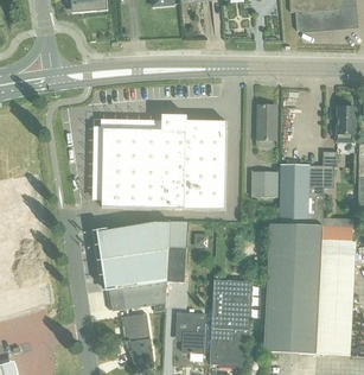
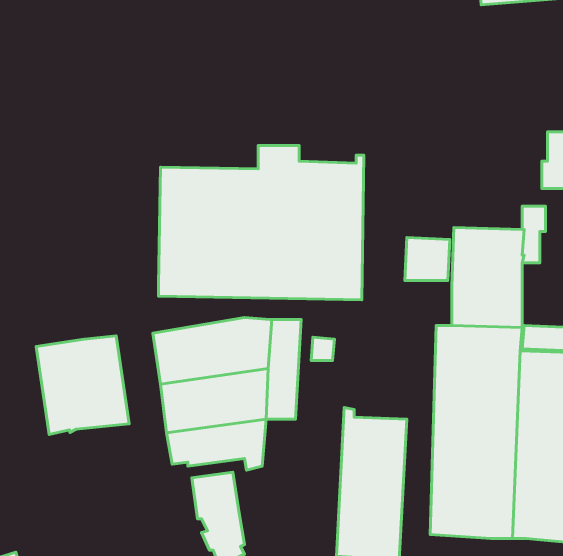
building: [256,104,275,139] -> none
building: none -> [36,336,129,435]
building: [175,313,204,352] -> none

